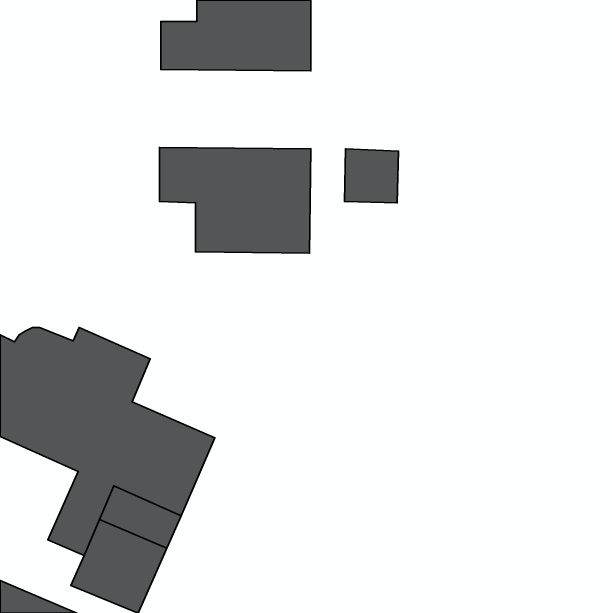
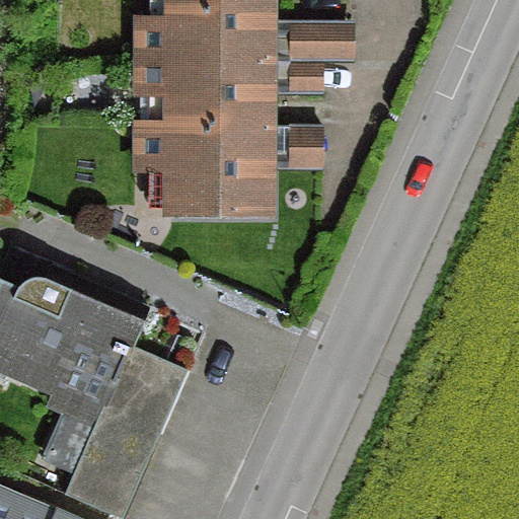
building: none -> [291,19,369,93]
building: none -> [136,59,264,126]

